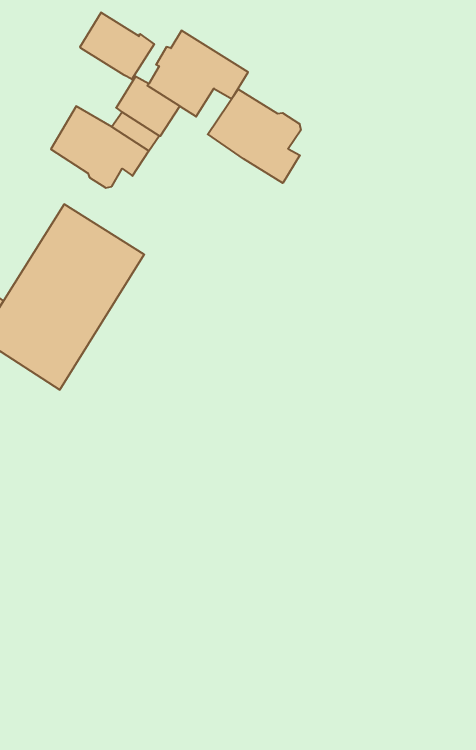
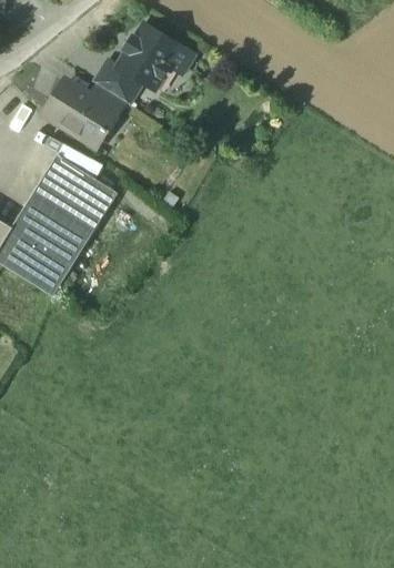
building: [80,12,154,79] -> none
building: [208,89,301,183] -> none

